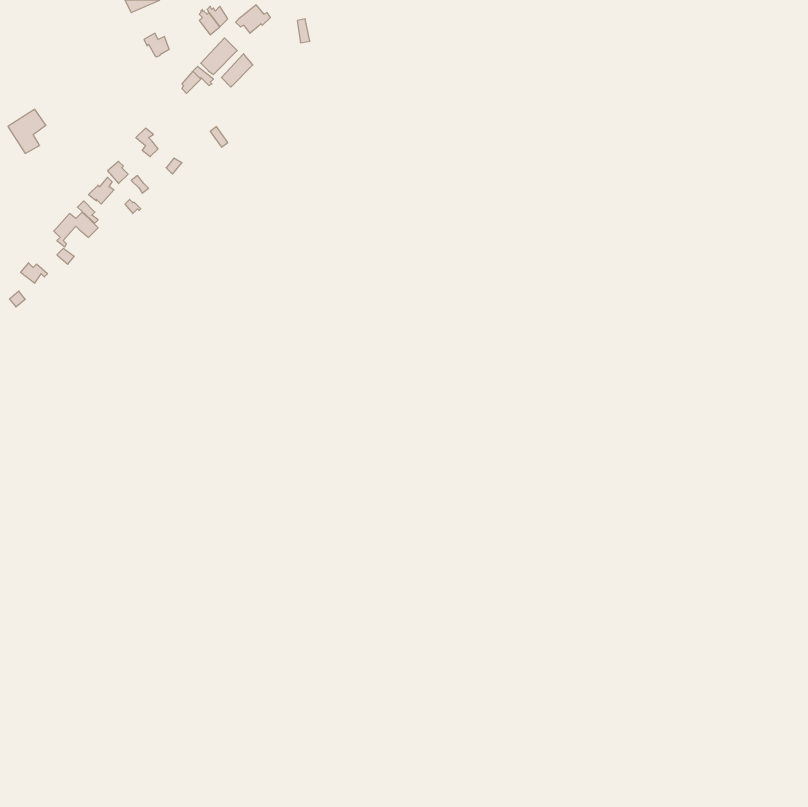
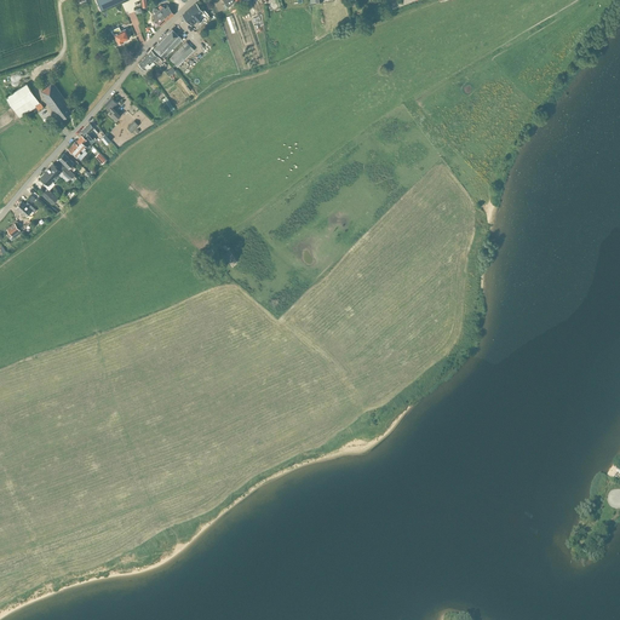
building: none -> [41,84,71,120]

